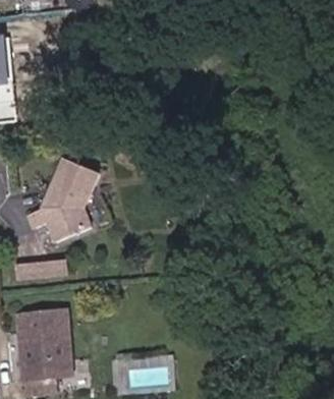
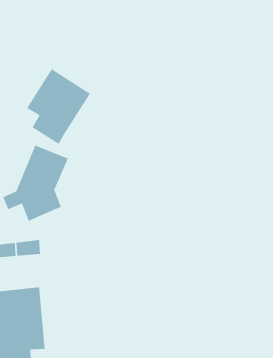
building: none -> [26,68,91,145]

